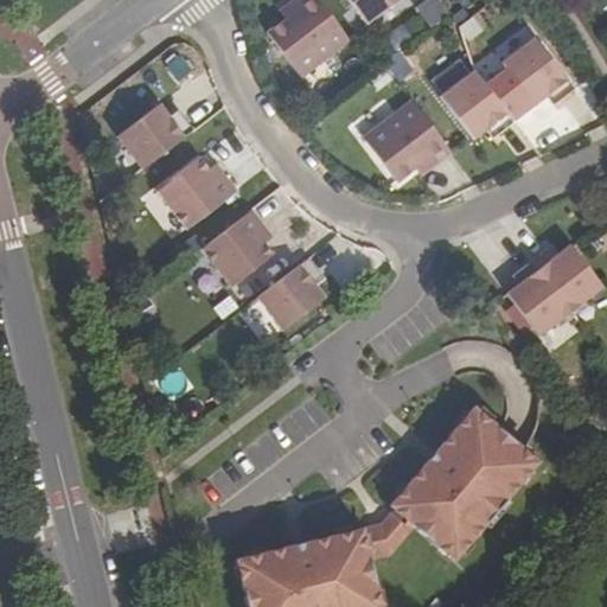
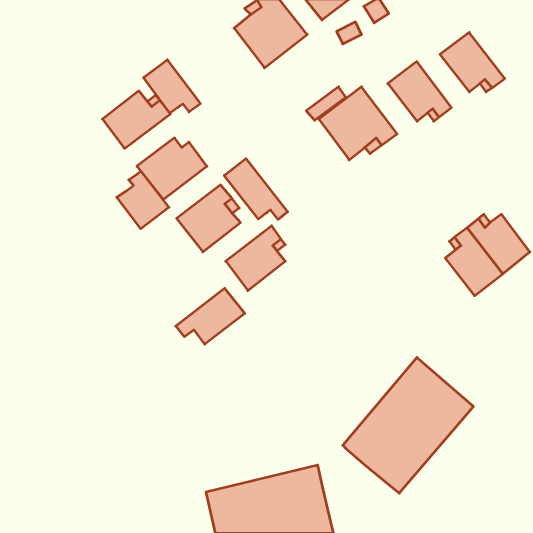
building: none -> [144,60,200,113]
building: none -> [224,159,288,219]
building: none -> [117,171,169,229]
building: none -> [176,288,245,344]
building: [362,509,414,558] -> none

